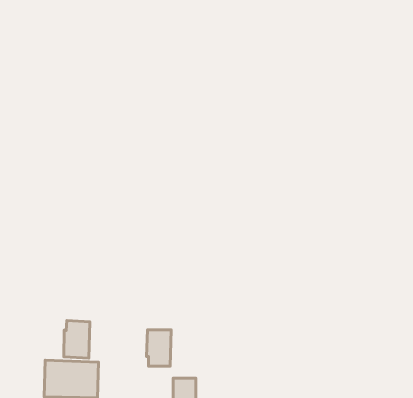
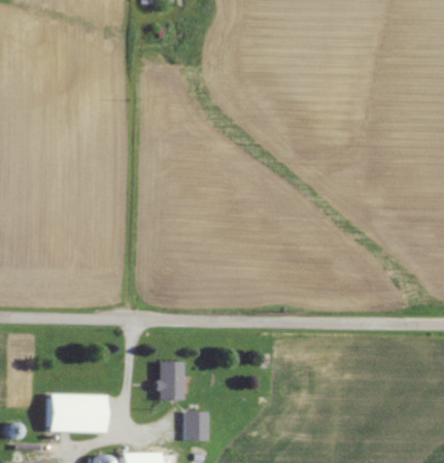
building: [64,321,90,358] -> none

